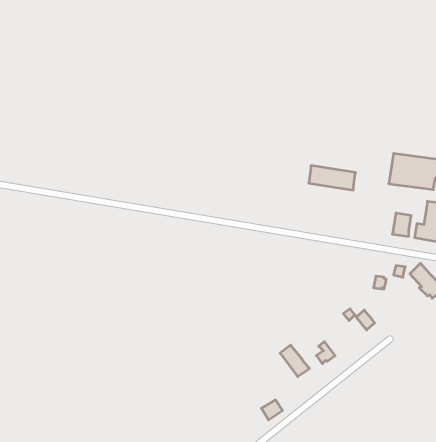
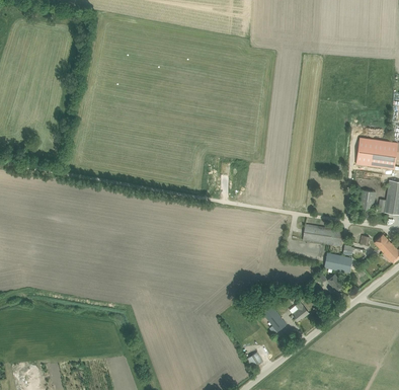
building: [309,166,356,190] -> [303,224,343,245]
building: none -> [324,252,352,272]

